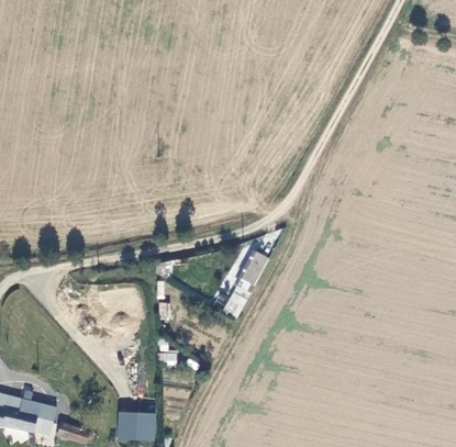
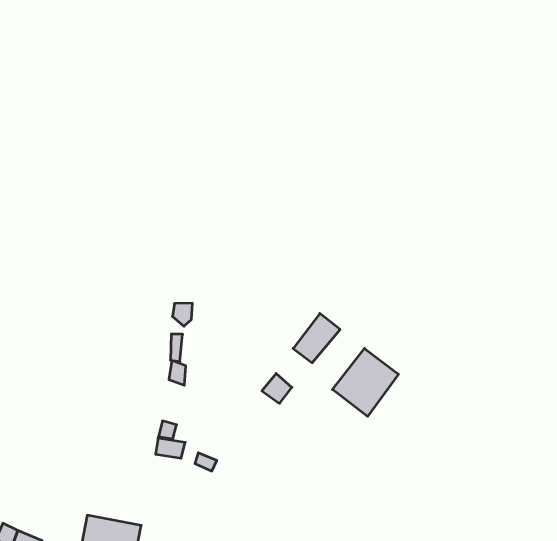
building: none -> [332,348,398,416]

